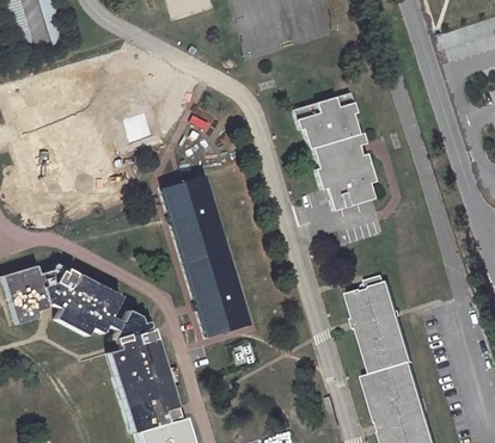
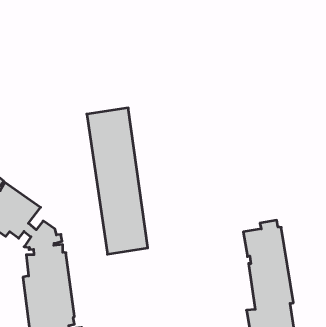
building: [292,91,374,210] -> none

